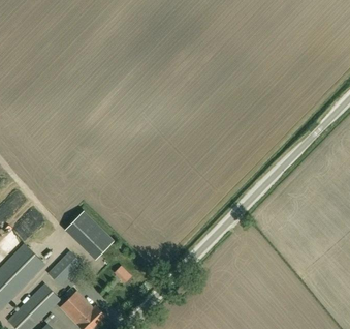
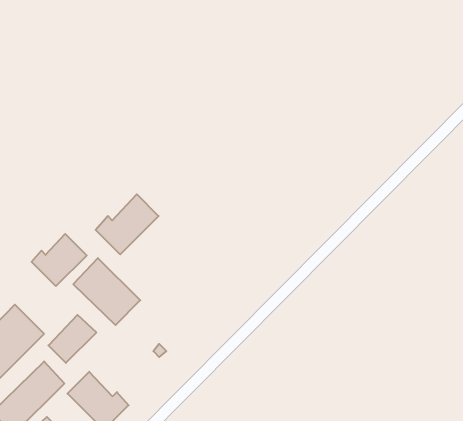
building: none -> [96,194,159,254]
building: none -> [32,234,87,286]

